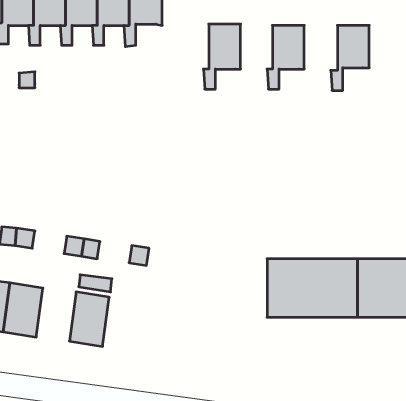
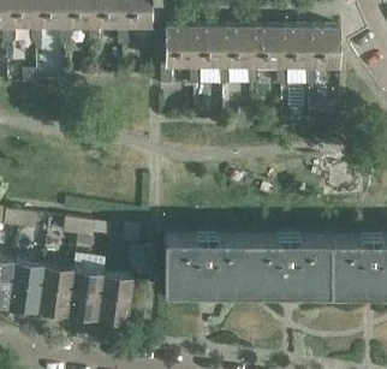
building: none -> [160,25,194,85]
building: none -> [218,25,251,84]
building: none -> [275,26,310,85]
building: none -> [163,237,246,291]
building: none -> [37,264,73,313]
building: none -> [97,273,133,321]

